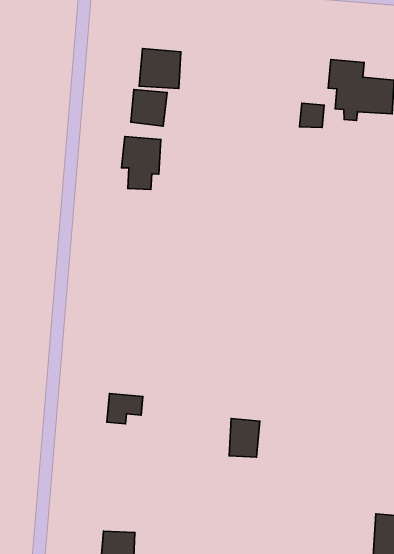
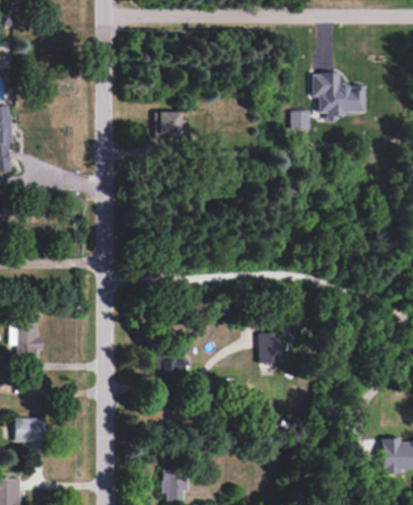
building: [139,49,181,88] -> none
building: [122,136,161,189] -> none
building: [229,419,260,457] -> [258,332,281,363]

